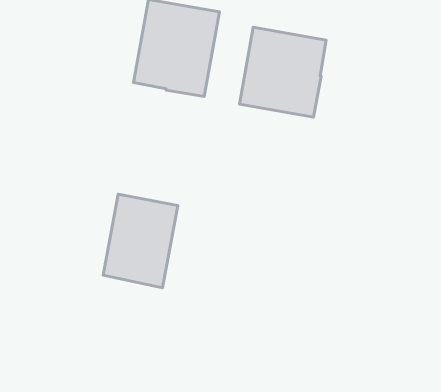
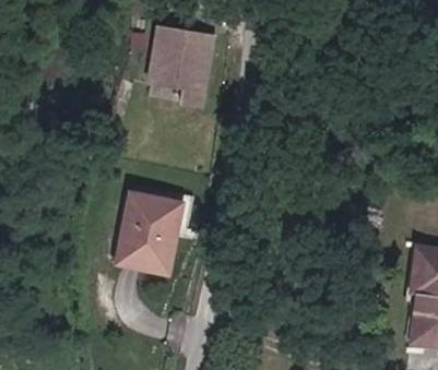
building: [239,27,326,117] -> none

